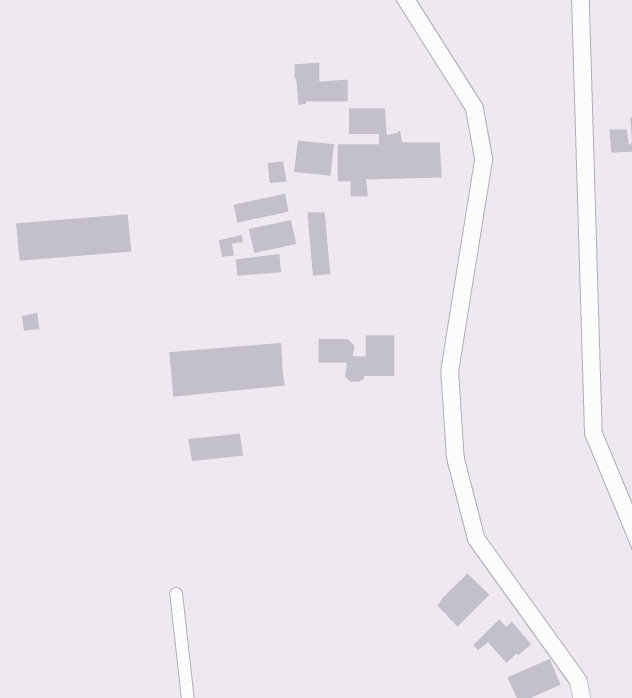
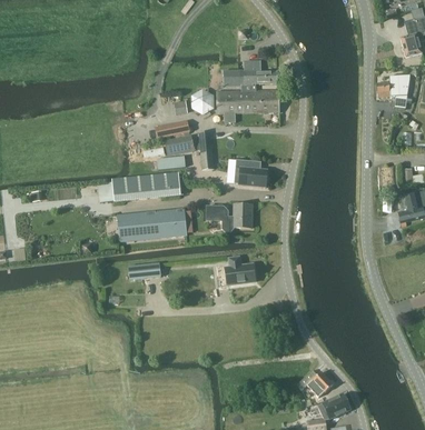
building: [292,62,348,106] -> [244,60,277,86]
building: [15,214,132,261] -> [112,172,181,200]
building: none -> [234,159,268,187]
building: none -> [225,256,255,283]
building: [437,573,490,627] -> none

